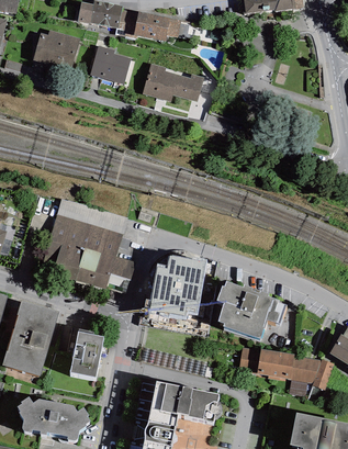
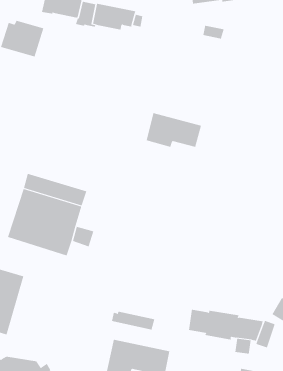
building: [90,46,131,85] -> none
building: [143,64,204,102] -> [146,113,202,148]
building: [148,255,207,317] -> none
building: [216,281,287,339] -> none
building: [69,329,103,378] -> none

